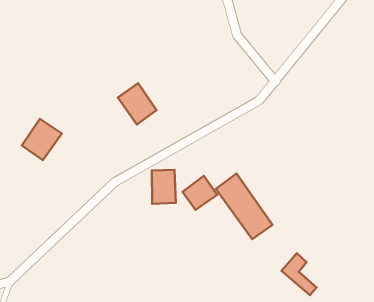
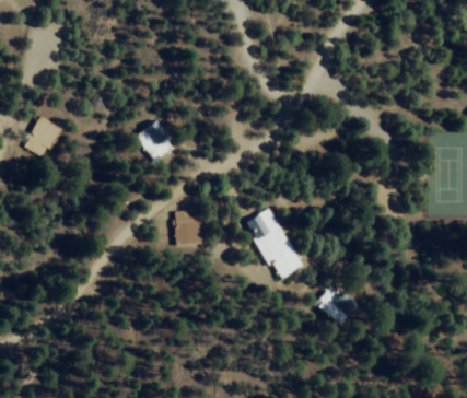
building: [22,119,62,160] -> [22,116,63,160]
building: [183,176,217,210] -> none

